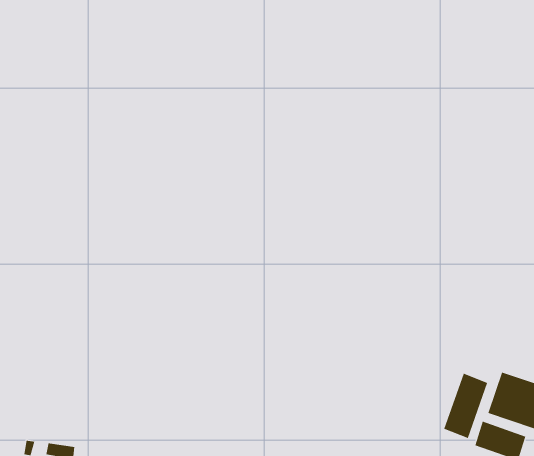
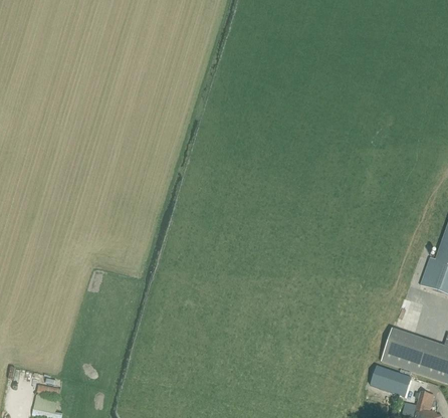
building: [444,373,488,439] -> none

